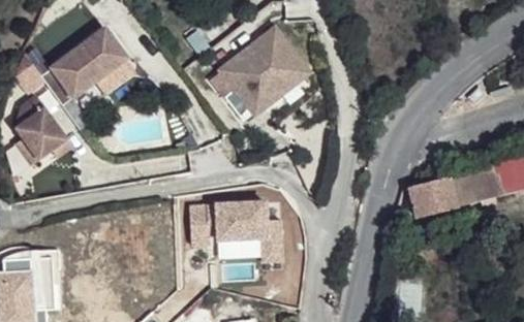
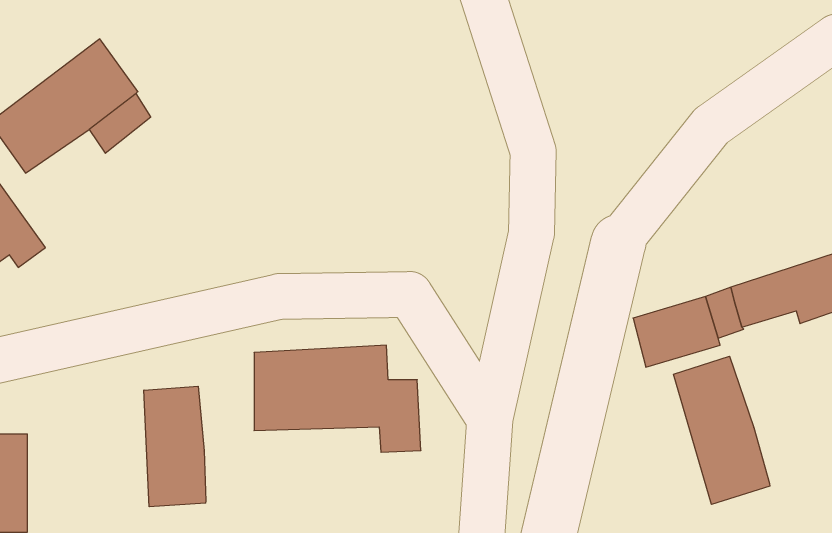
building: [210,30,307,121] -> none
building: none -> [673,356,770,504]
building: none -> [144,386,206,507]

